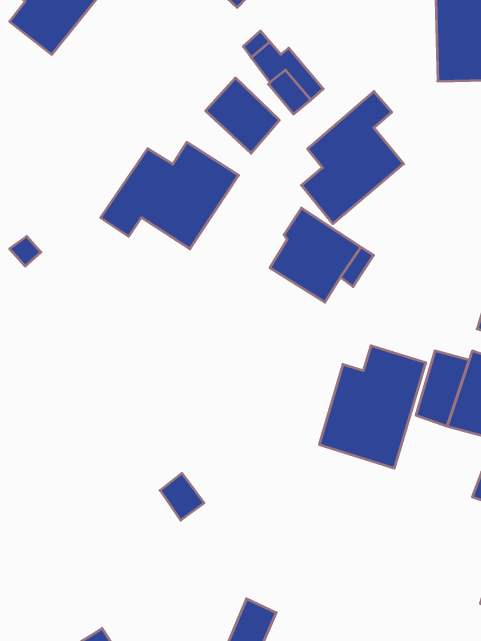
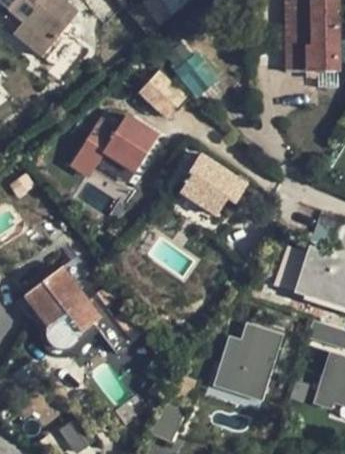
building: [301,91,404,224] -> none
building: [319,346,426,468] -> [214,326,282,404]
building: none -> [26,256,101,347]

